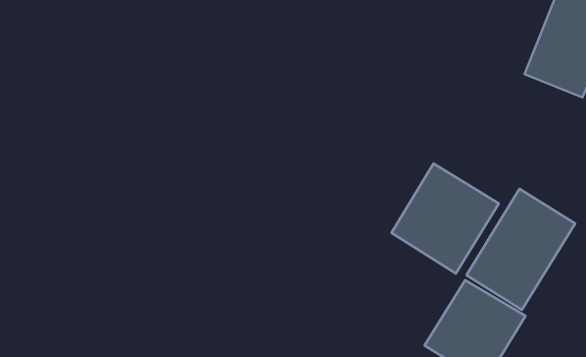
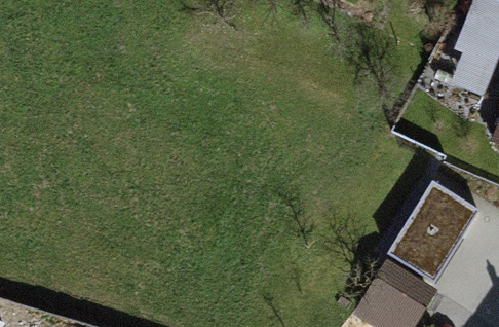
building: [392,164,499,274] -> none

